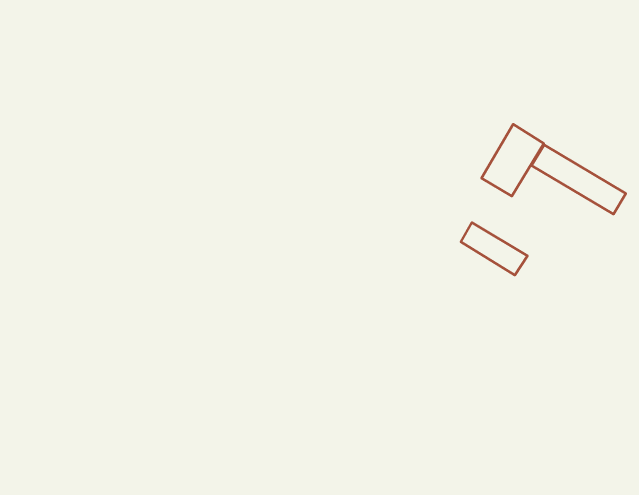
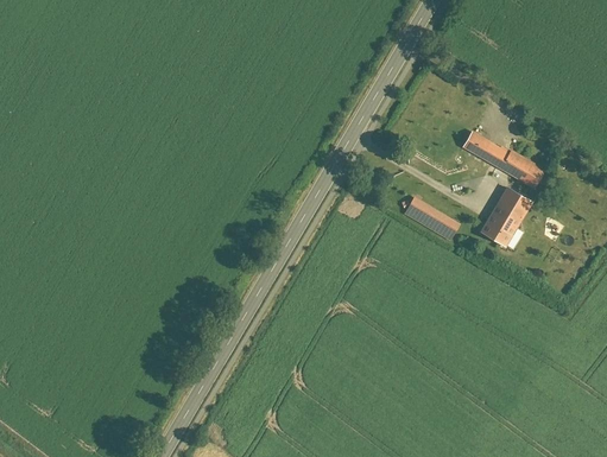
building: [481,124,544,196] -> [478,186,531,248]

